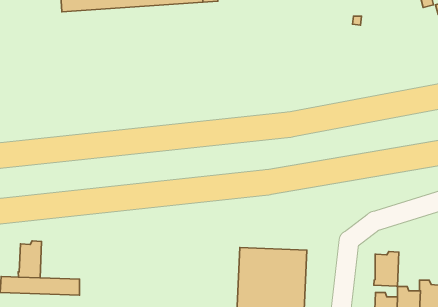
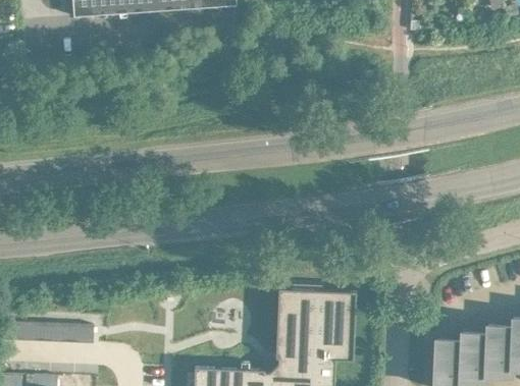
building: [18,241,41,278] -> none
building: [374,252,399,286] -> none

